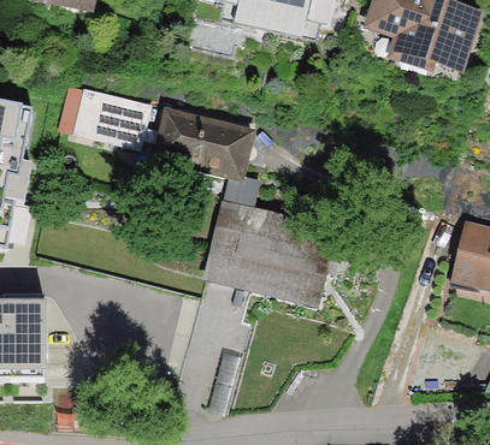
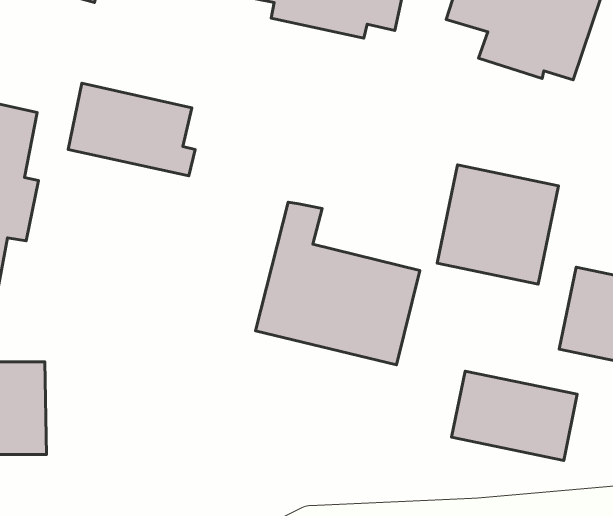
building: [155,108,252,173] -> none
building: none -> [437,165,558,284]
building: none -> [452,371,577,460]

